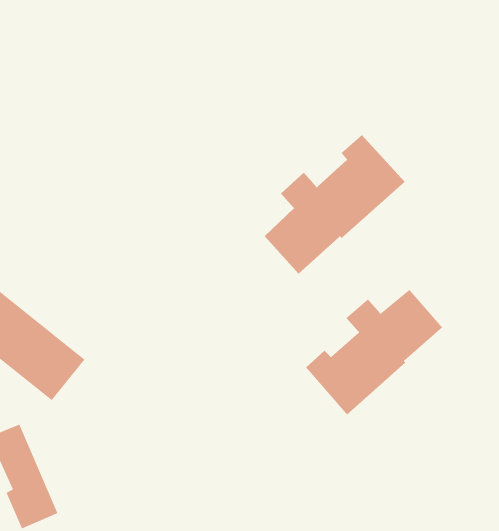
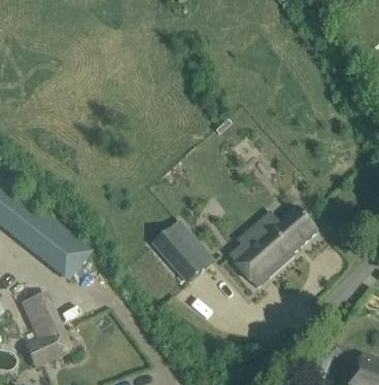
building: [264,134,405,275] -> none
building: none -> [152,221,205,282]

